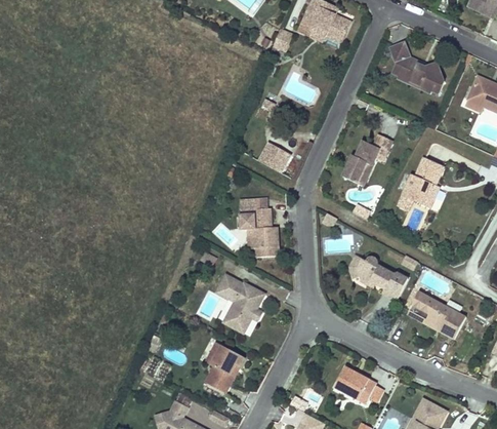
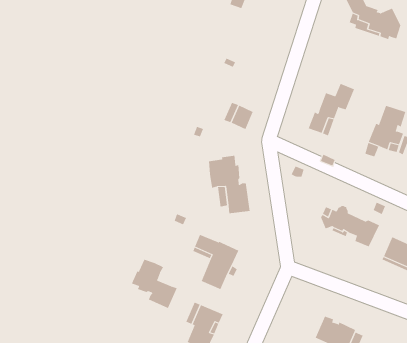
building: none -> [131,259,177,309]

